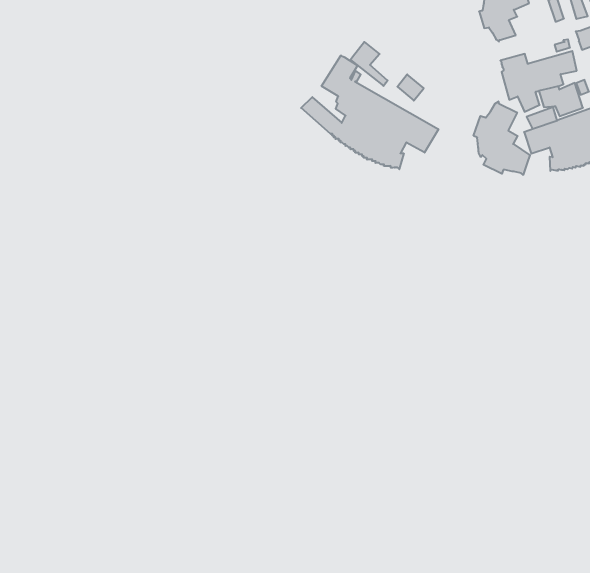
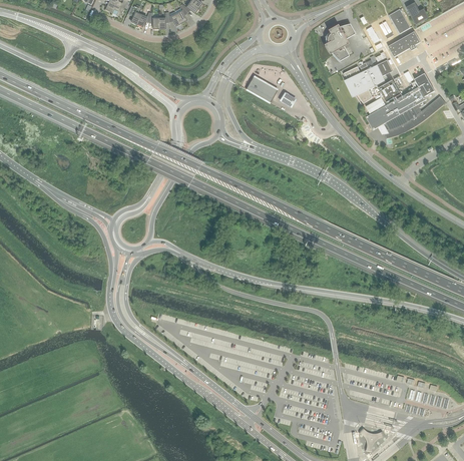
building: [301,55,438,169] -> none
building: [474,101,530,175] -> none

